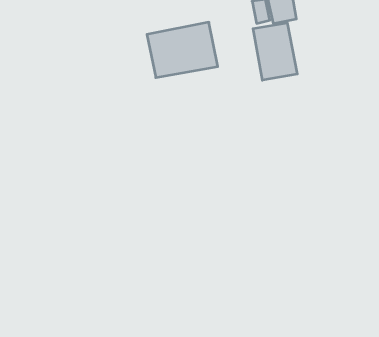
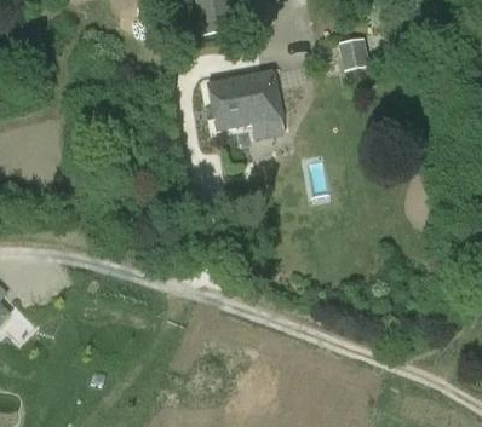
building: [253,23,297,80] -> none

